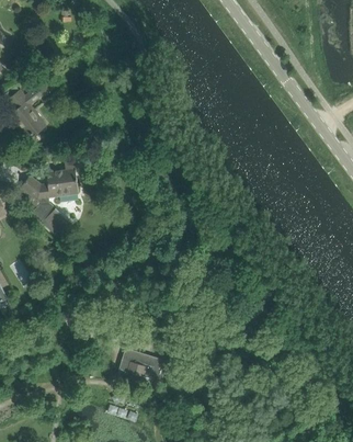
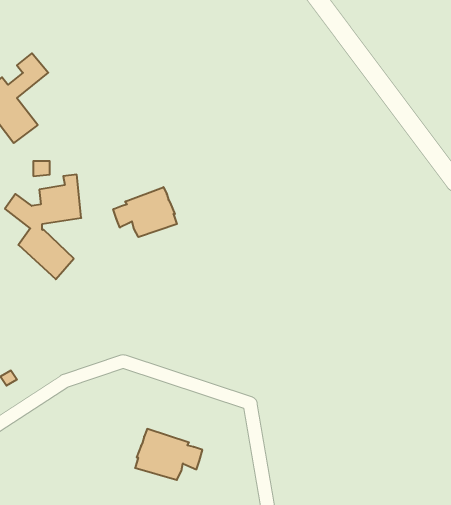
building: none -> [113,187,177,237]

